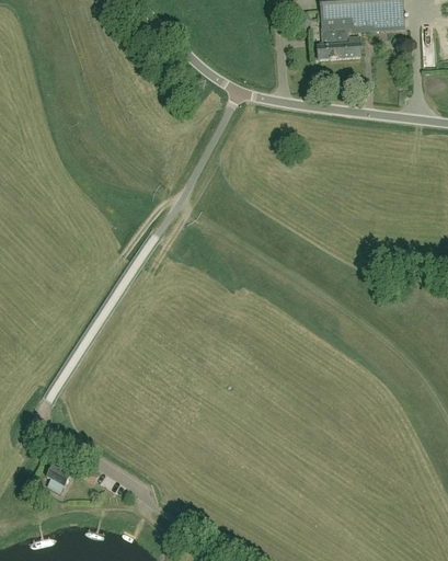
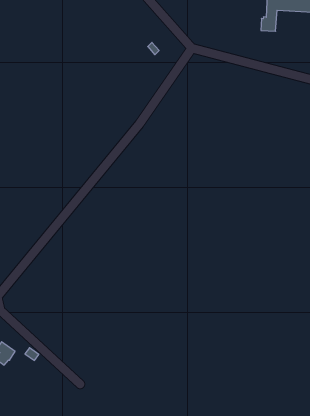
building: [335,30,360,56] -> none

